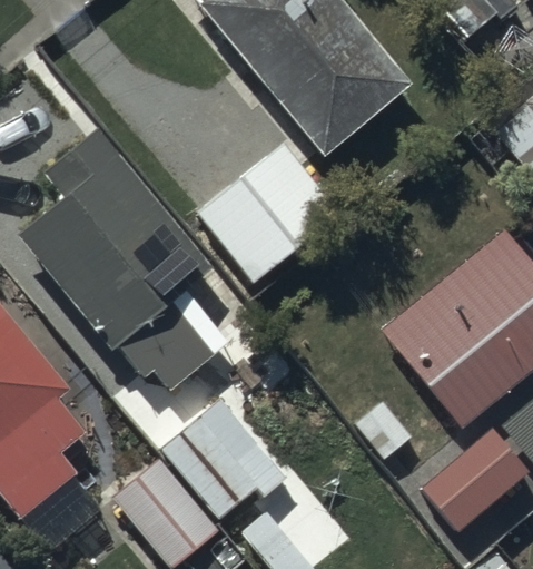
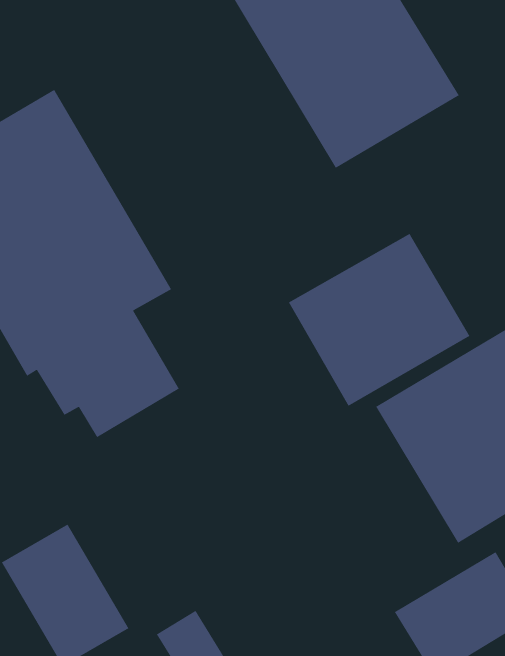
building: [198,143,343,284] -> [288,233,470,407]
building: [162,401,286,519] -> none

